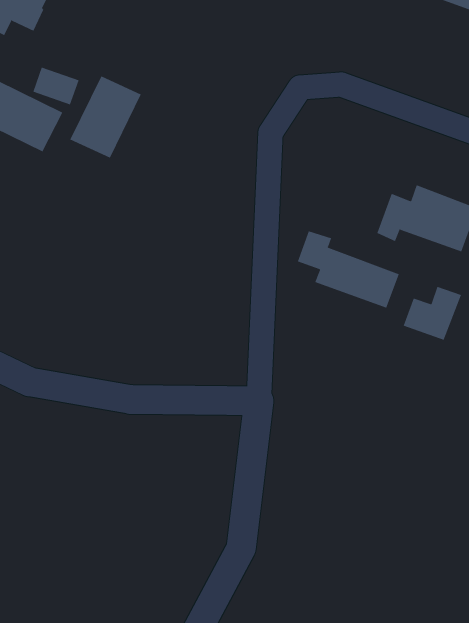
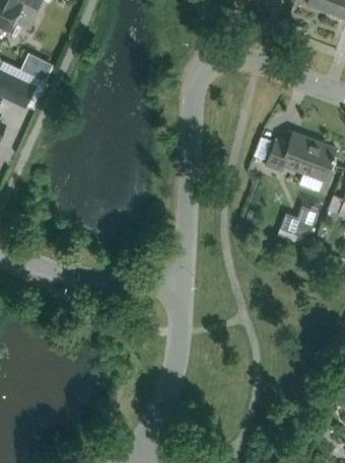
building: [70,75,142,159] -> none
building: [297,231,399,309] -> none

